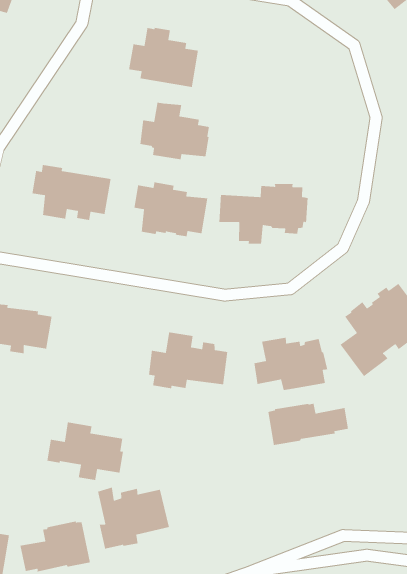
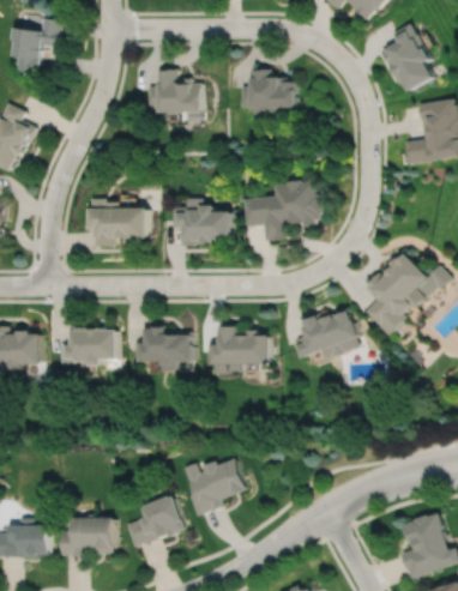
building: [140,102,210,160] -> [242,70,301,116]
building: [268,403,349,446] -> none
building: [46,422,124,481] -> [133,324,197,369]

